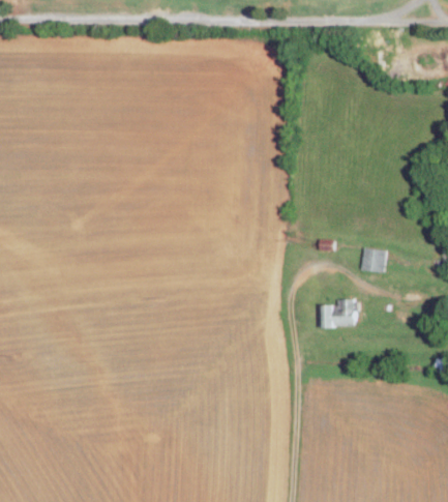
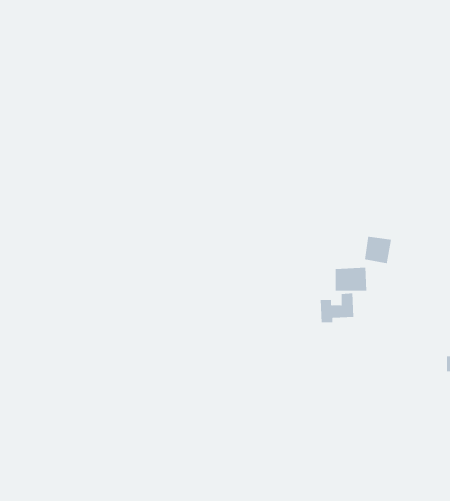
building: none -> [335,267,367,291]

